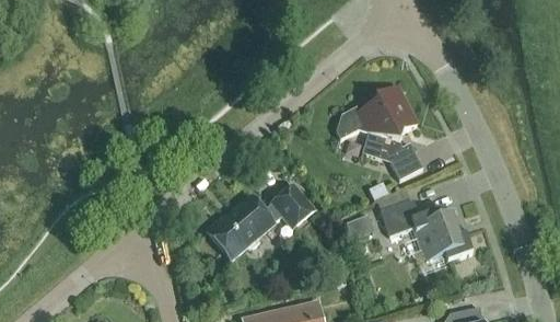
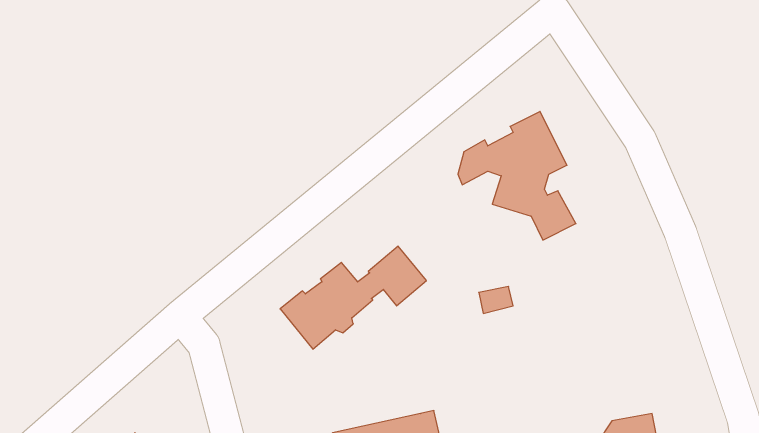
building: [381,197,472,261] -> none

